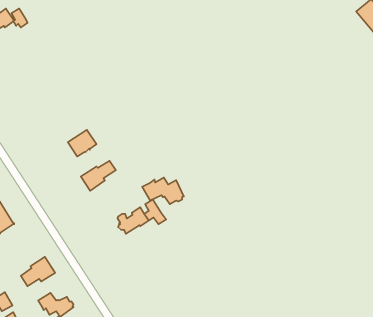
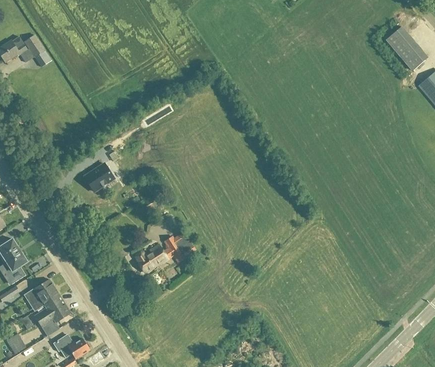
building: [81,161,116,191] -> none
building: [142,177,184,204] -> none
building: none -> [23,279,59,310]

